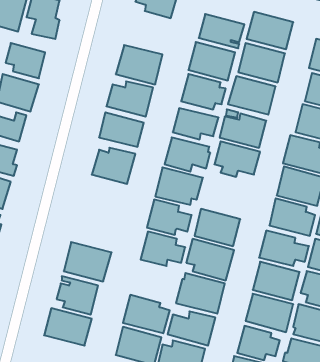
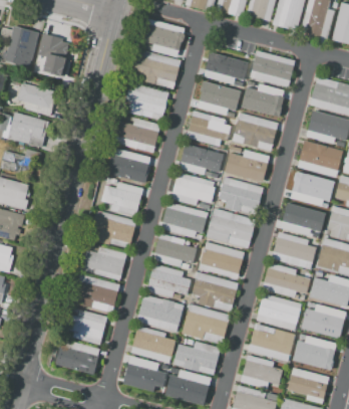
building: none -> [132,49,181,88]
building: none -> [207,209,255,248]
building: none -> [88,210,136,248]
building: none -> [81,246,126,281]
building: none -> [137,294,185,332]

